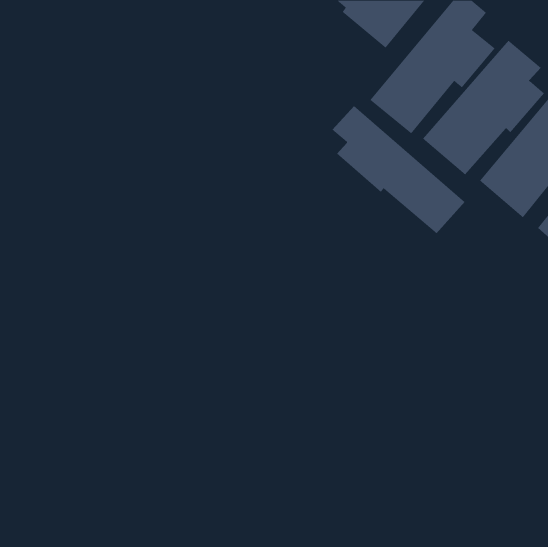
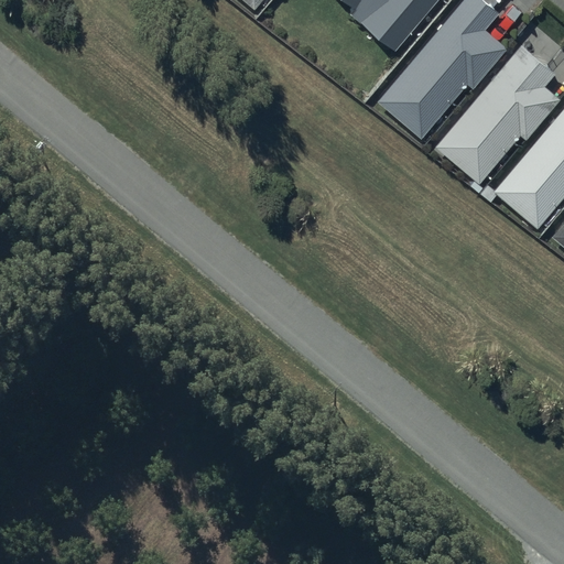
building: [331,105,465,234] -> none

